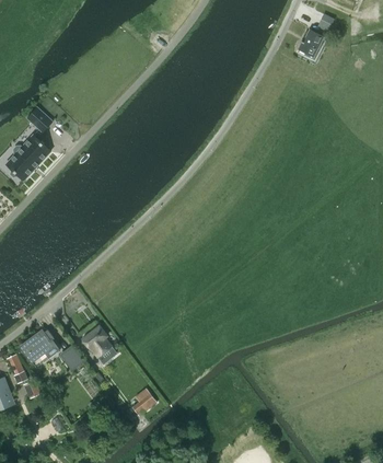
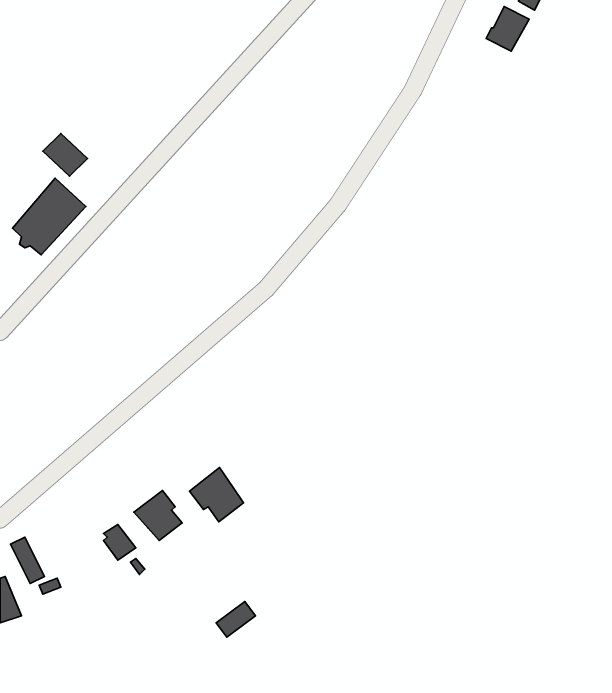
building: none -> [190,467,244,522]
building: [21,328,59,361] -> none

